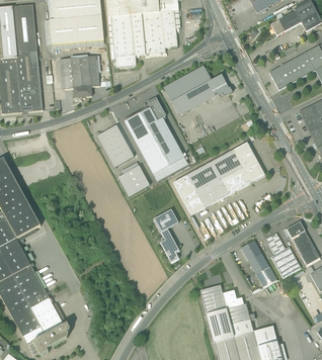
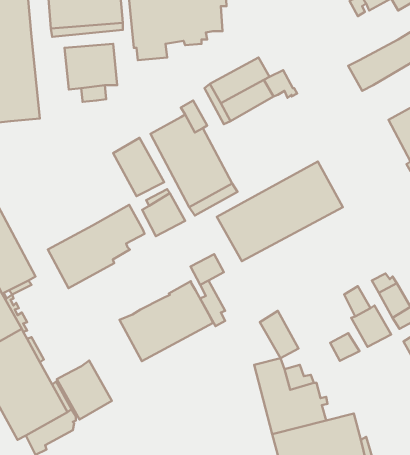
building: none -> [48,205,144,288]
building: none -> [119,281,213,361]
building: [241,240,269,274] -> [260,311,298,358]
building: none -> [57,361,112,419]

